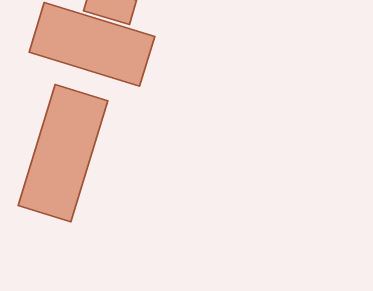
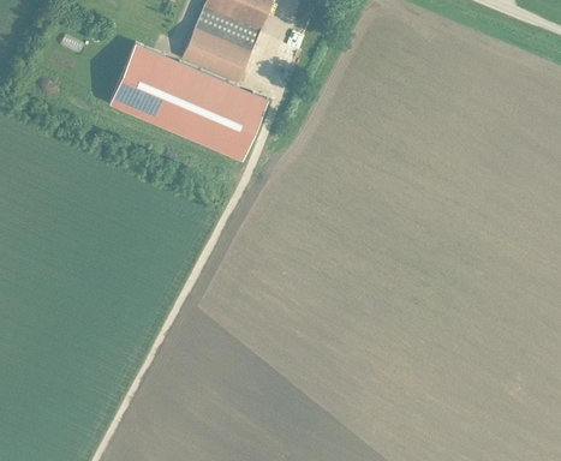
building: [18,84,108,222] -> none

